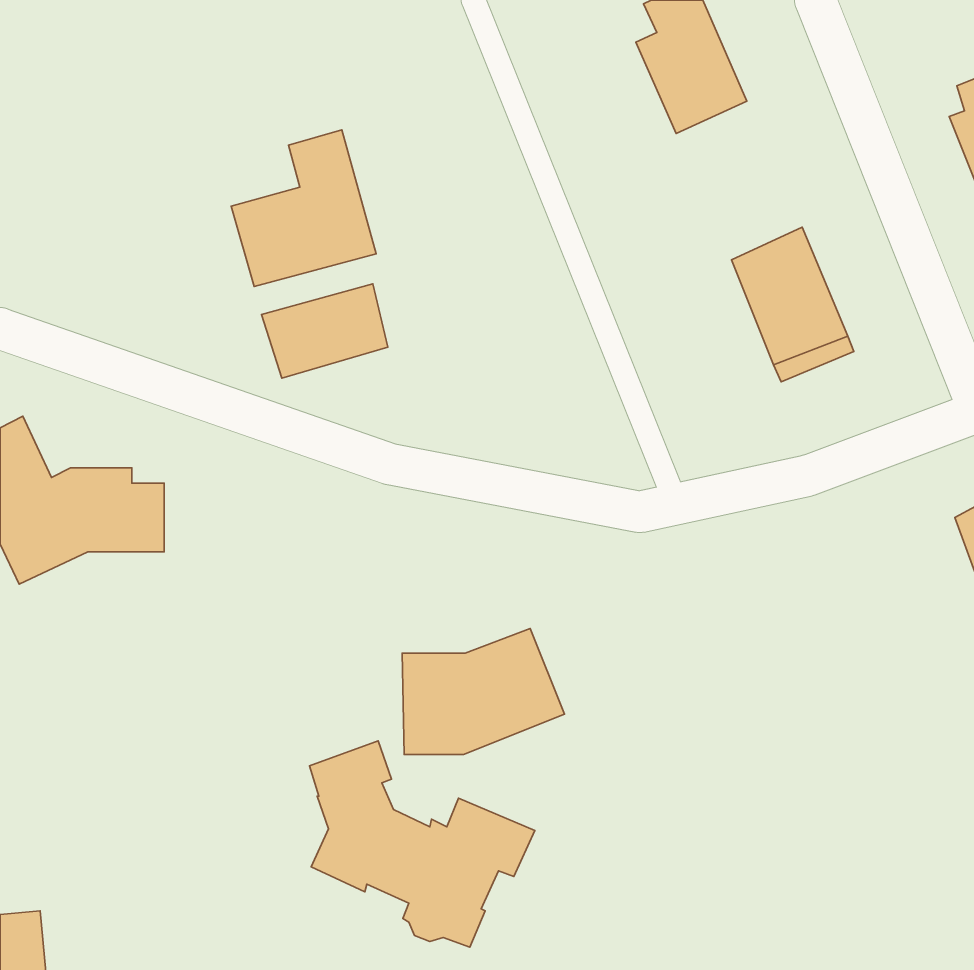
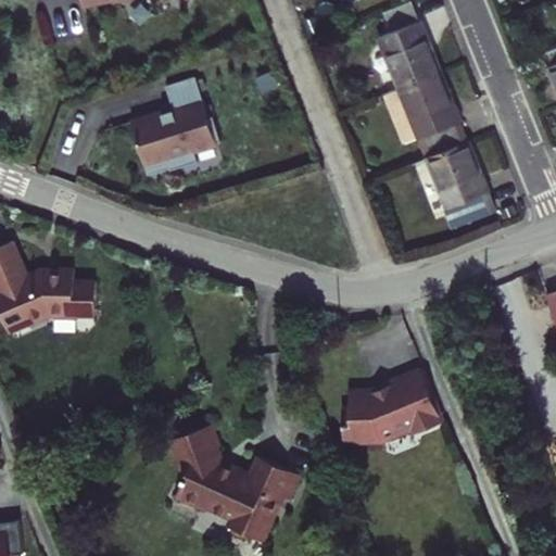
building: none -> [371,61,457,151]
building: [262,284,388,378] -> none
building: [402,628,565,754] -> [348,375,440,446]

